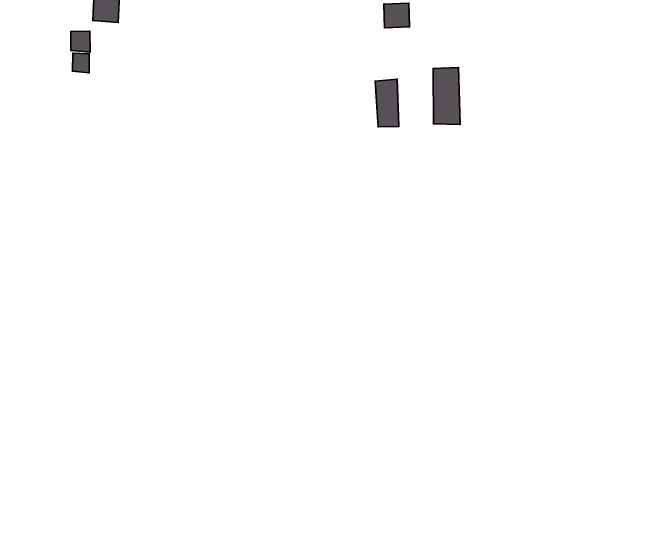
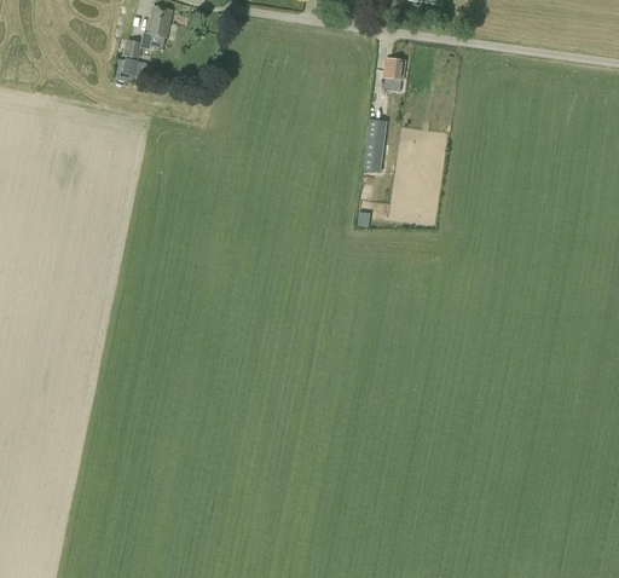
building: [433,67,460,125] -> none

